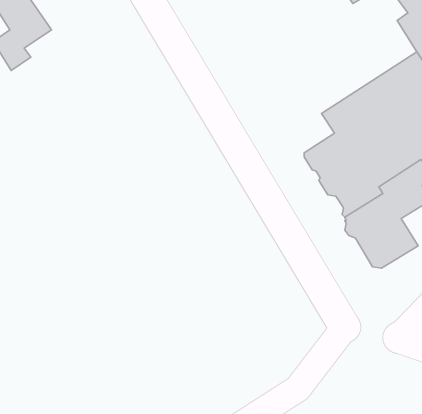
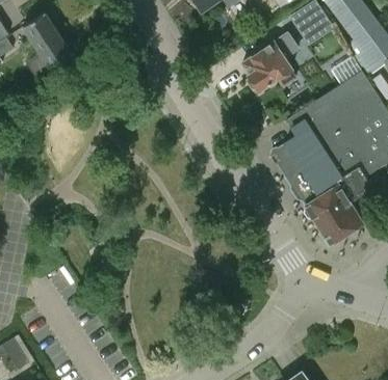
building: none -> [242,33,298,89]

